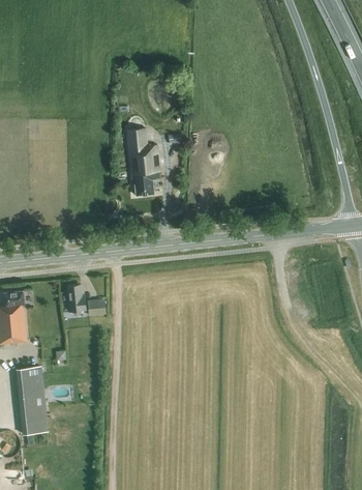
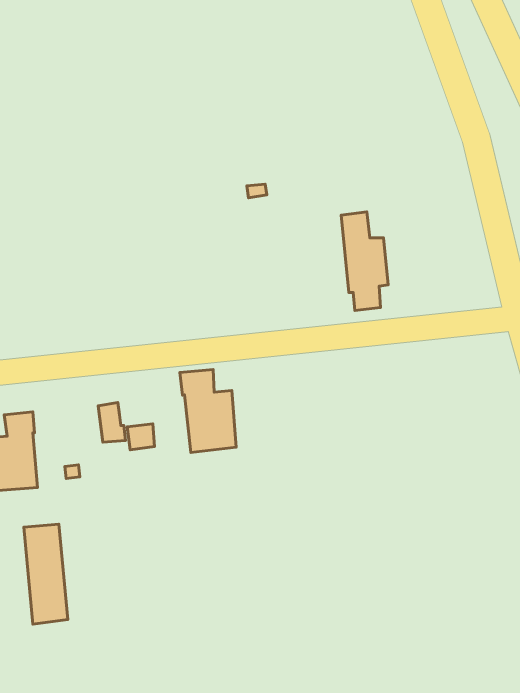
building: [128,127,160,195] -> [341,212,388,311]
building: none -> [180,370,236,452]

